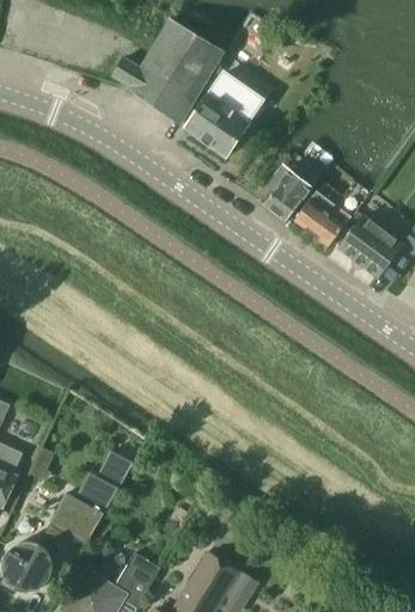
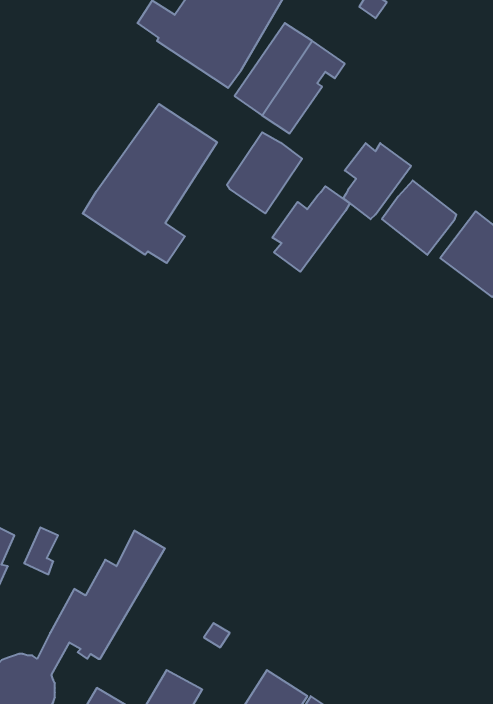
building: none -> [83,104,217,263]
building: none -> [227,132,302,213]
building: none -> [272,186,350,272]

